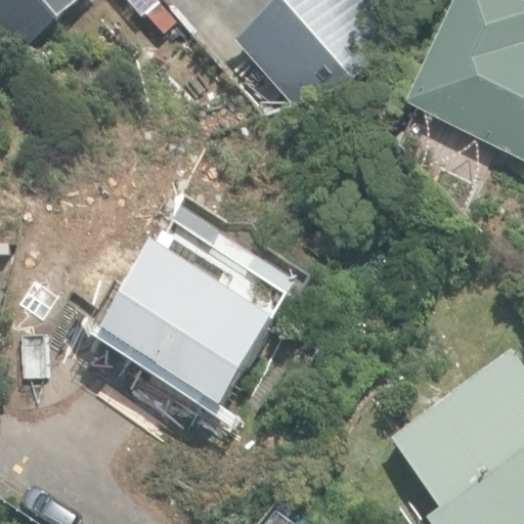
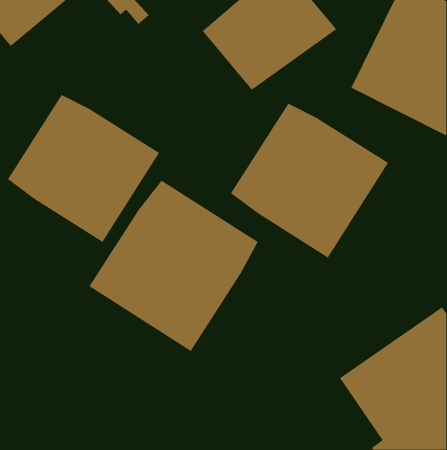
building: none -> [7,94,160,243]
building: none -> [230,103,389,258]

